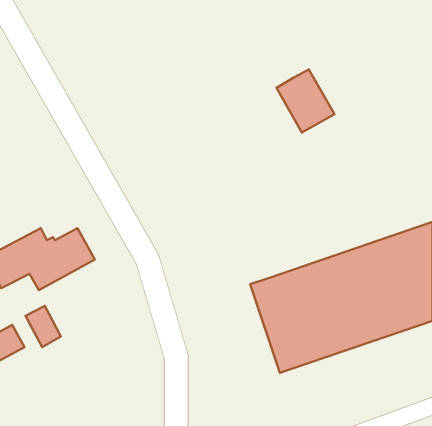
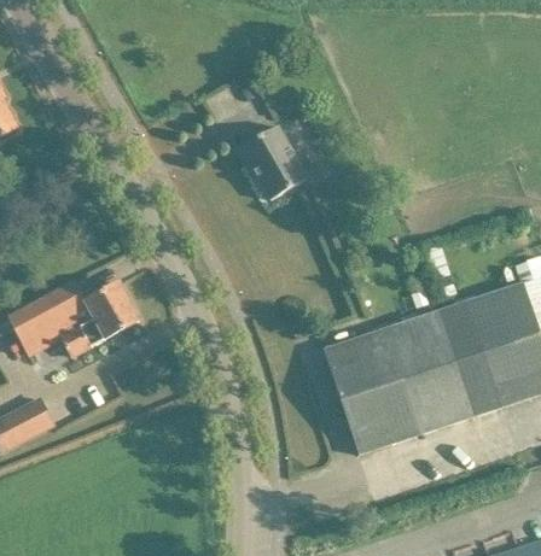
building: [276,69,334,132] -> [240,124,309,199]
building: [25,306,61,347] -> none

